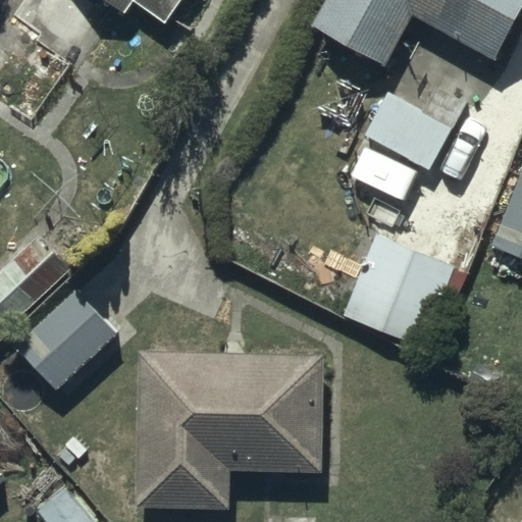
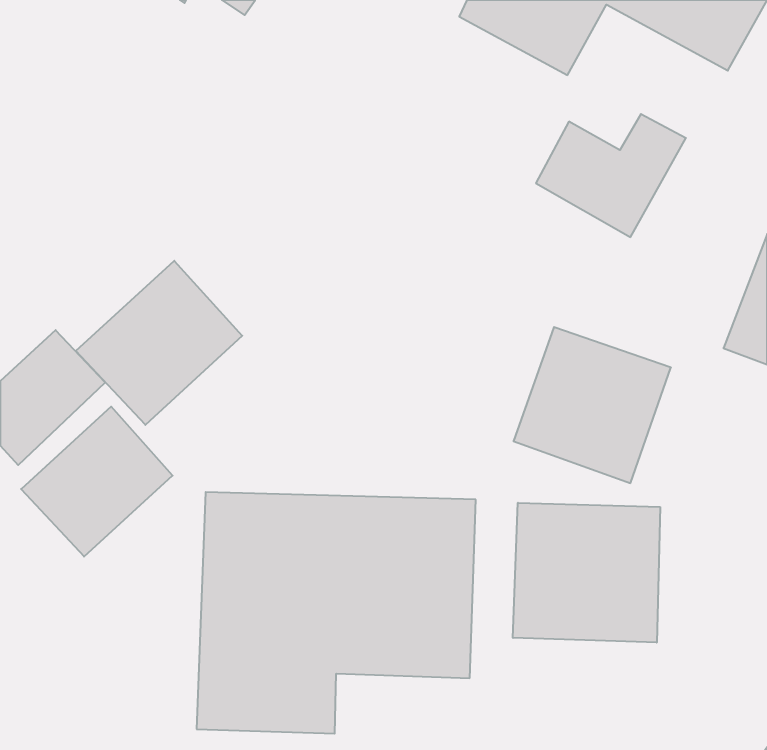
building: none -> [76,261,242,425]
building: none -> [513,503,660,643]

